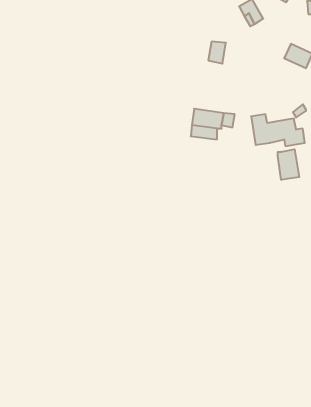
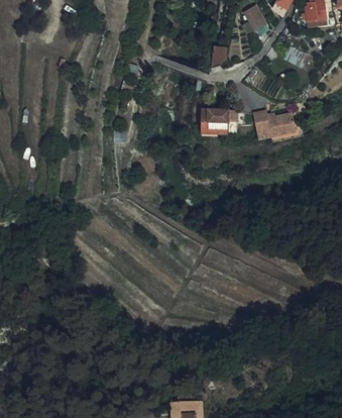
building: [278,149,299,180] -> none

